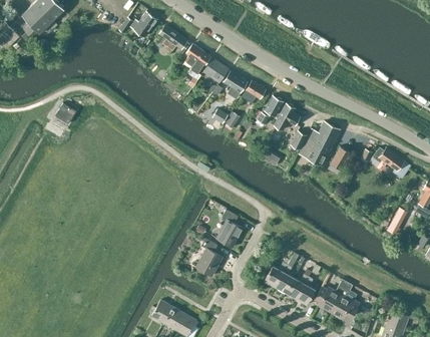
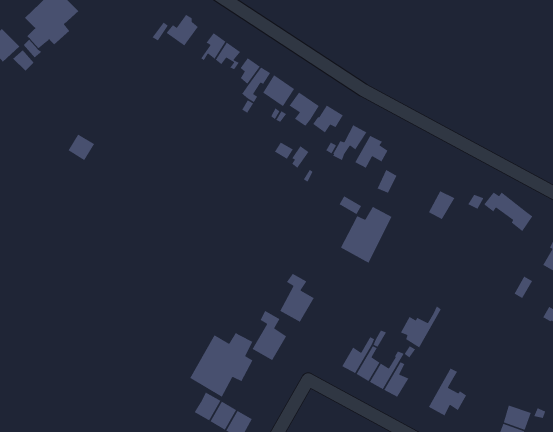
building: [300,122,340,166] -> [340,206,392,264]
building: none -> [189,332,254,398]
building: [315,279,347,312] -> [400,305,442,349]

